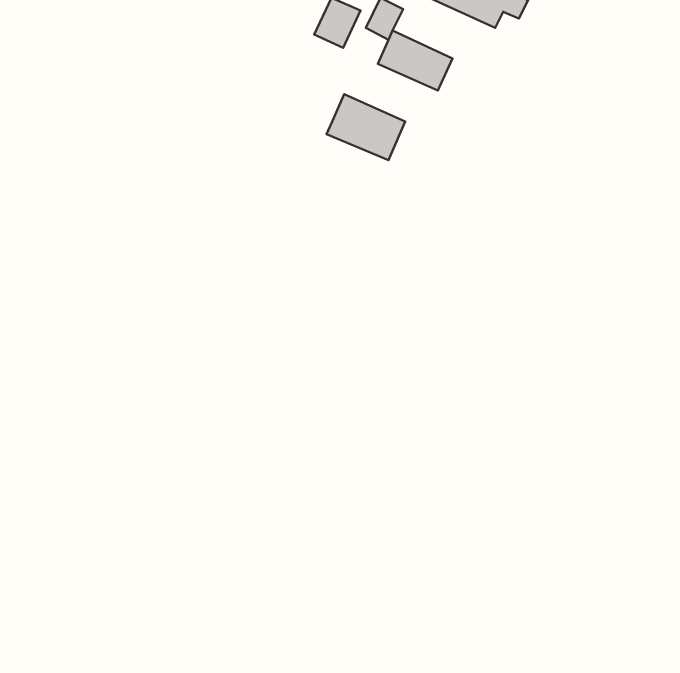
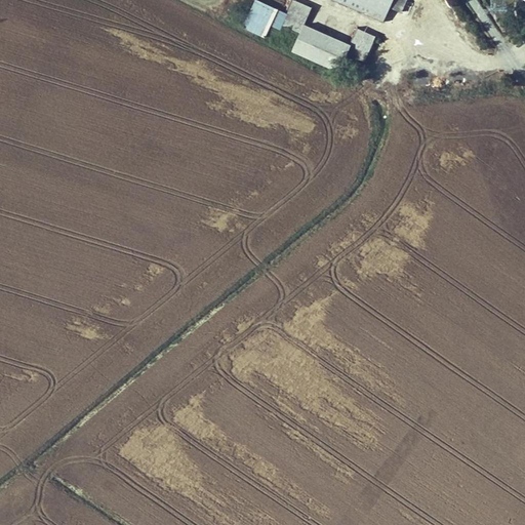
building: none -> [347,28,374,60]
building: [326,94,405,160] -> none

